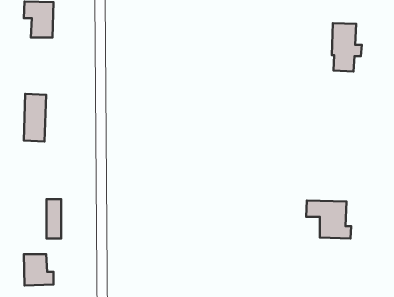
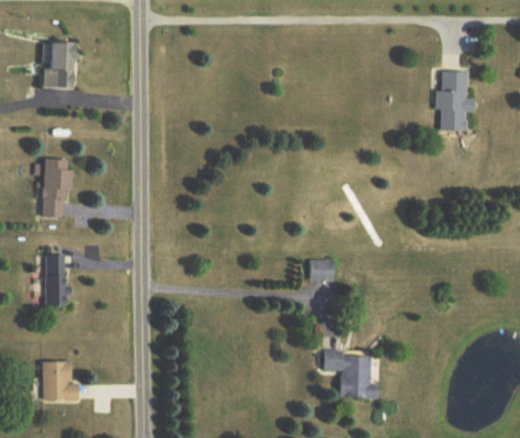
building: none -> [309,260,336,280]
building: [47,199,61,239] -> [46,255,64,305]
building: [306,201,351,238] -> [324,351,381,398]

